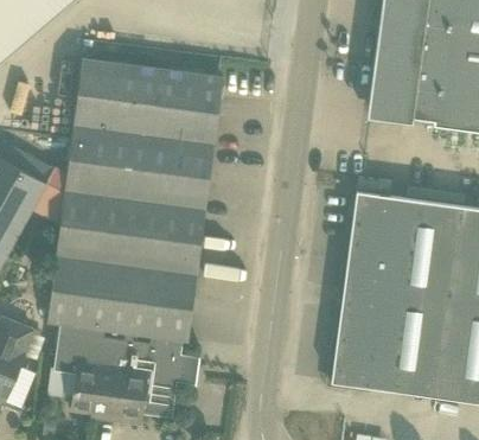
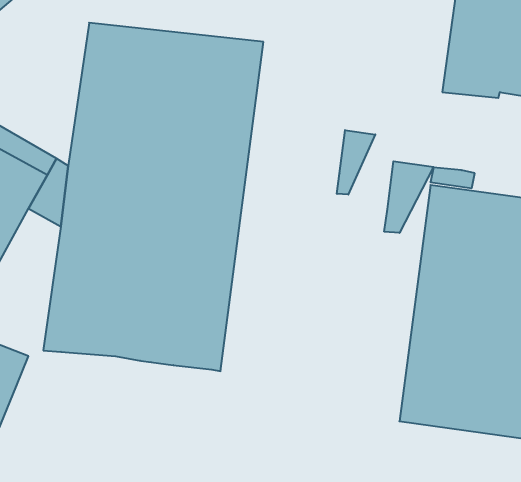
building: none -> [337,130,375,195]
building: none -> [384,161,434,233]
building: [46,325,193,423] -> none

